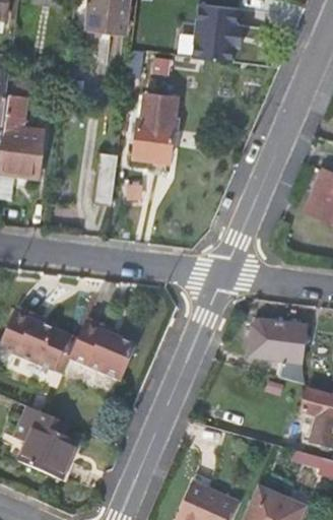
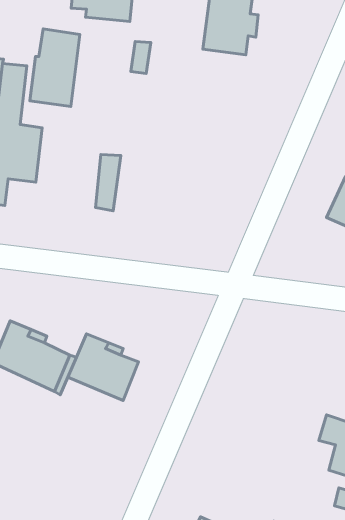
building: [132,91,178,162] -> [30,29,80,106]
building: [247,321,306,384] -> none
building: [13,406,78,479] -> none

